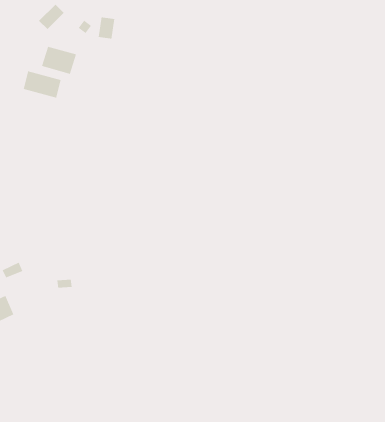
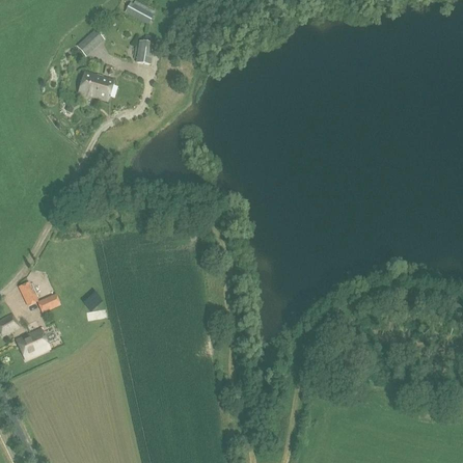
building: [23,70,61,99] -> none

